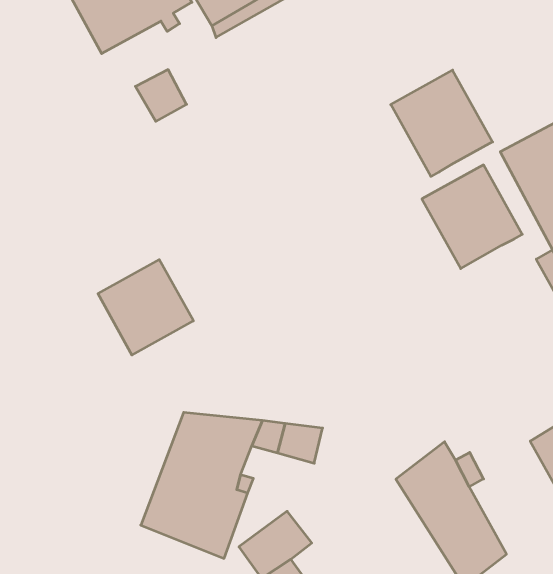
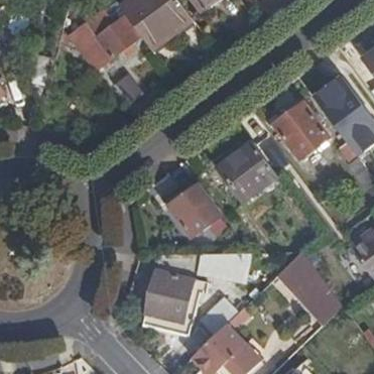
building: [391,70,493,176] -> none
building: none -> [216,141,278,202]
building: [98,260,193,355] -> [167,184,220,237]

